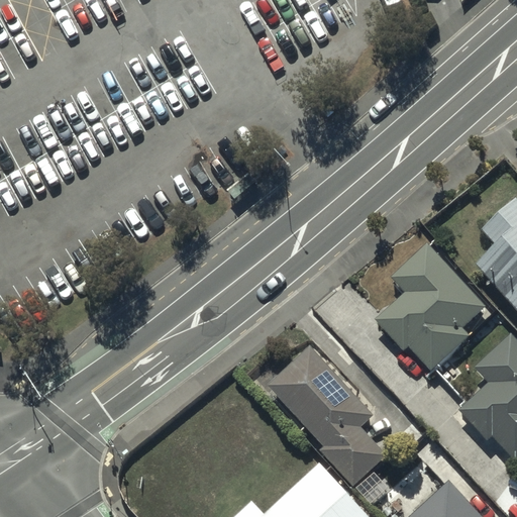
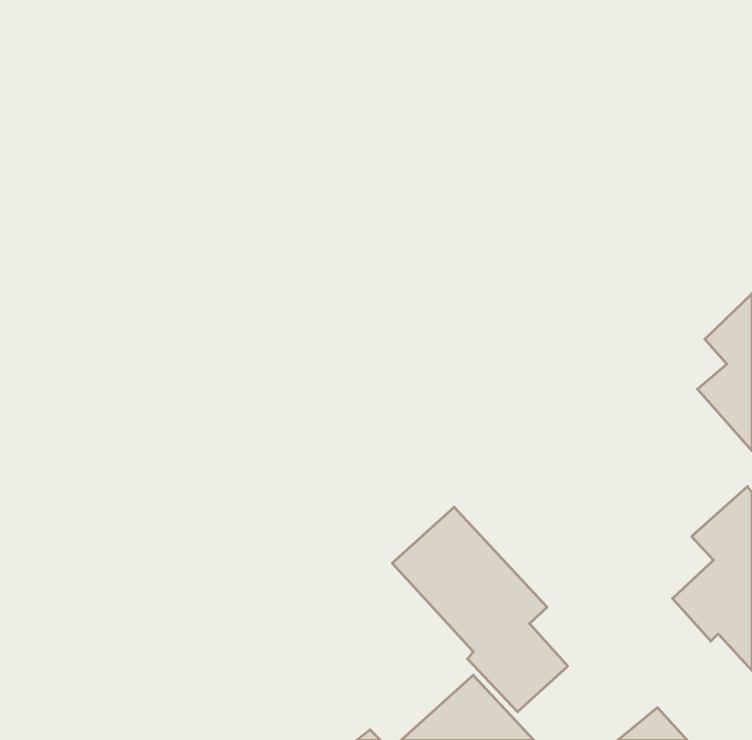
building: [376,243,486,372] -> none

